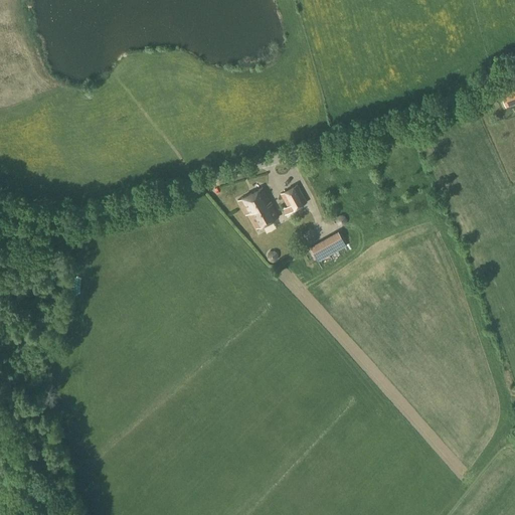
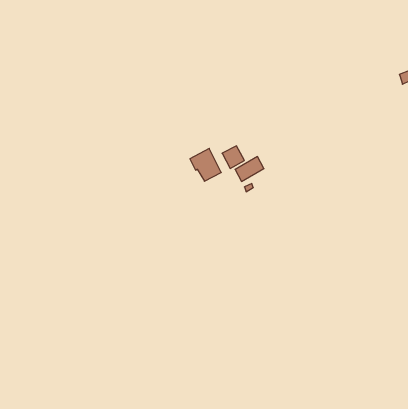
building: [311,229,347,261] -> [235,157,264,181]

